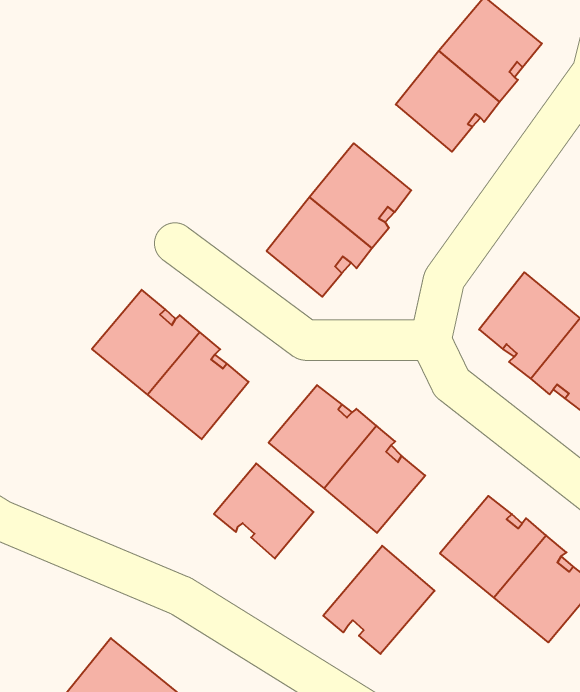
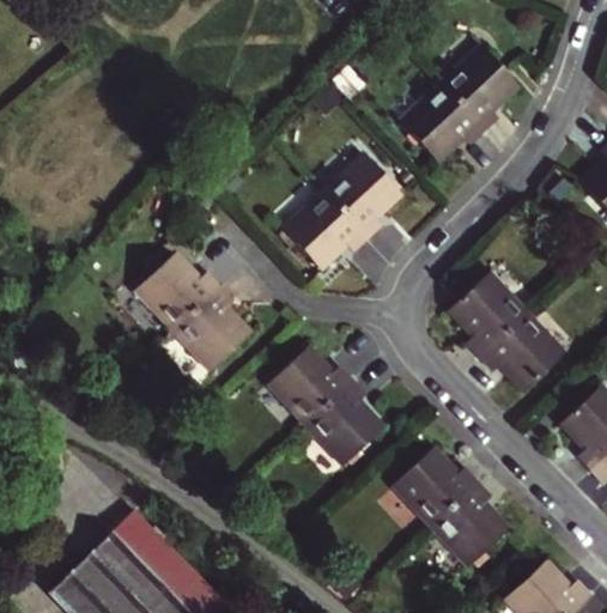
building: [214,463,314,559] -> none
building: [323,546,435,654] -> none

